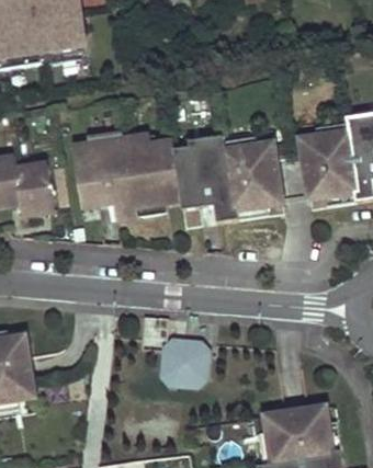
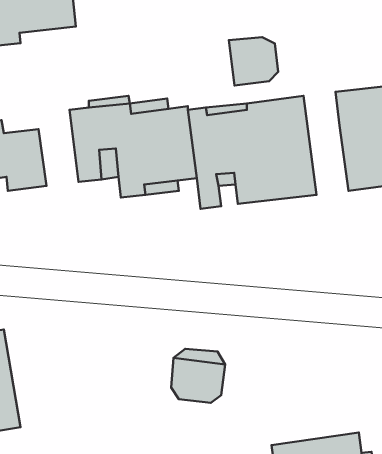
building: none -> [229,37,278,85]

